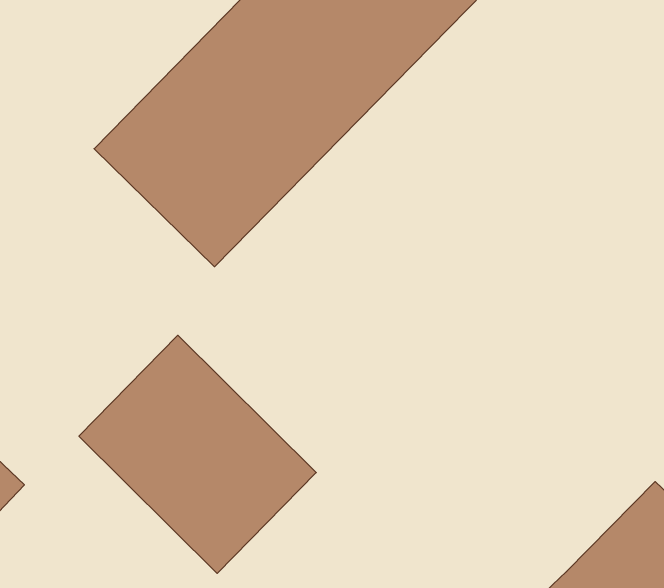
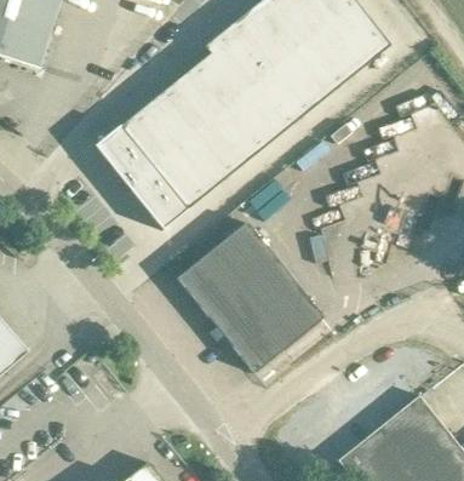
building: [79,335,316,573] -> [176,223,321,374]

